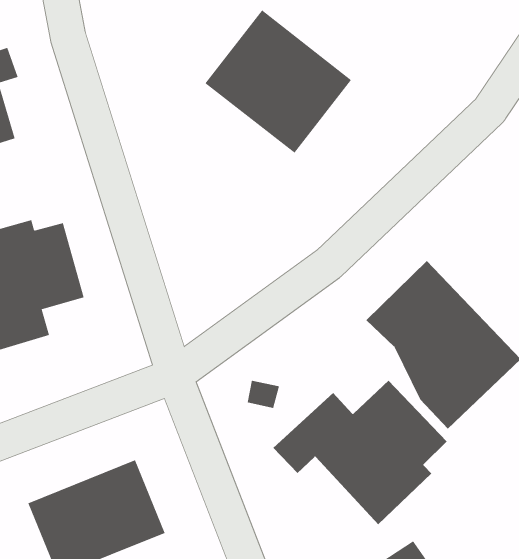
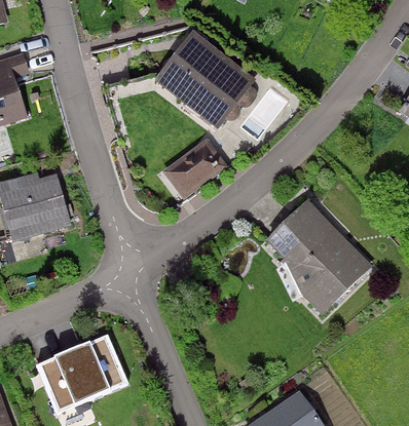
building: none -> [162,140,225,199]
building: [273,380,447,525] -> none

